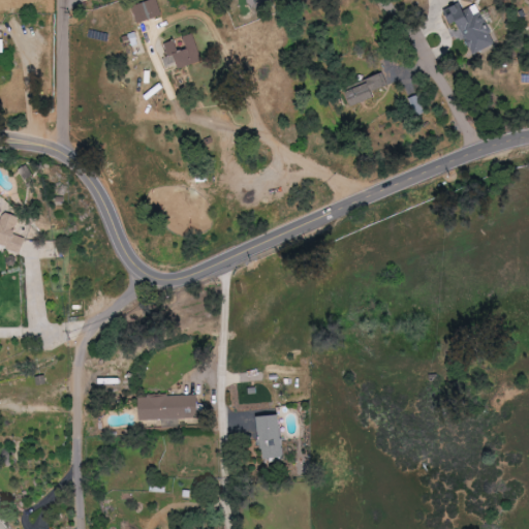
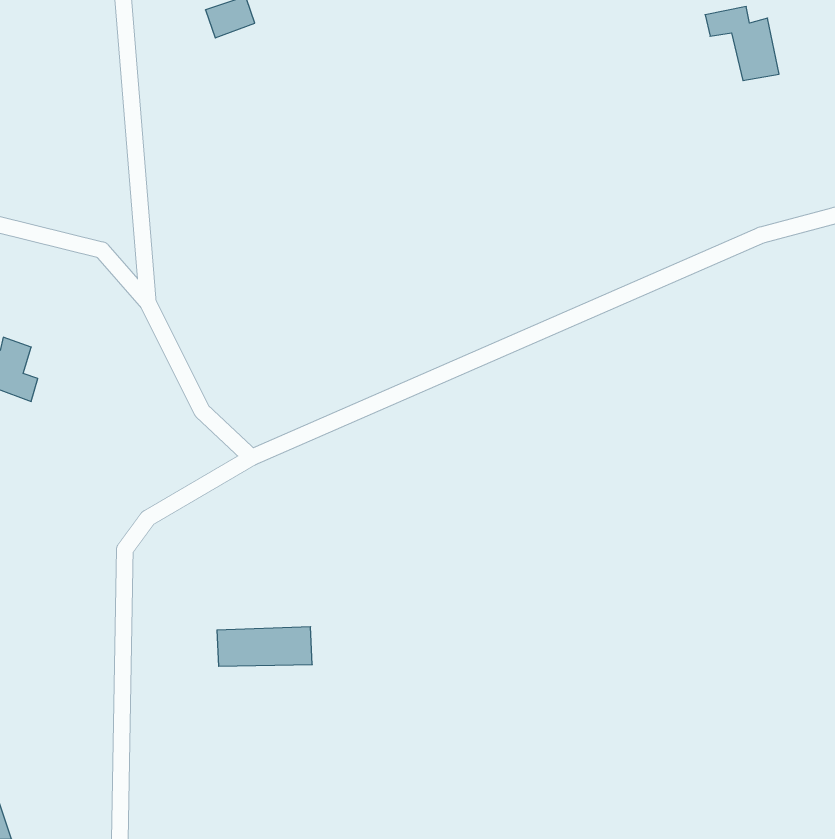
building: [162,33,200,68] -> none
building: [344,74,386,105] -> none
building: [258,415,280,457] -> none

